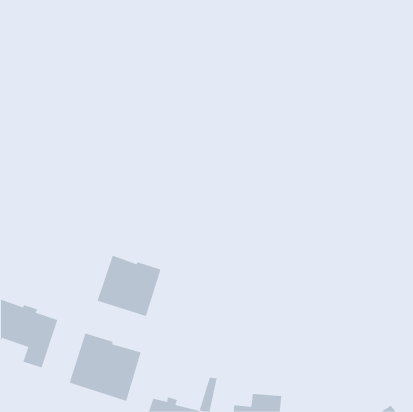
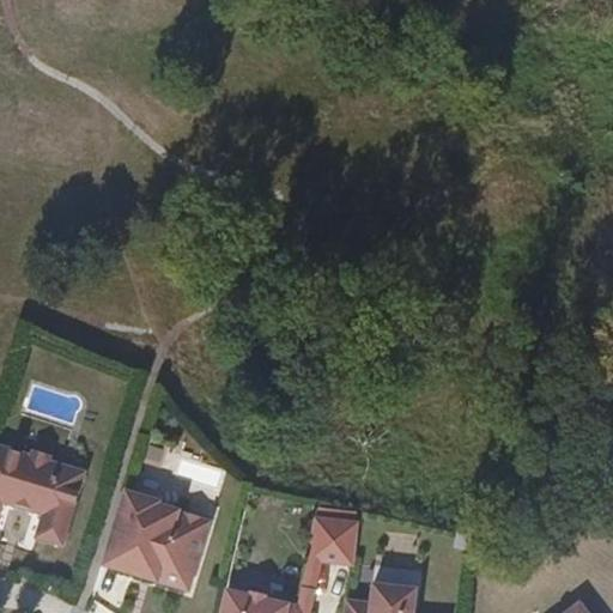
building: [97,255,161,317] -> none
building: none -> [310,518,357,562]

